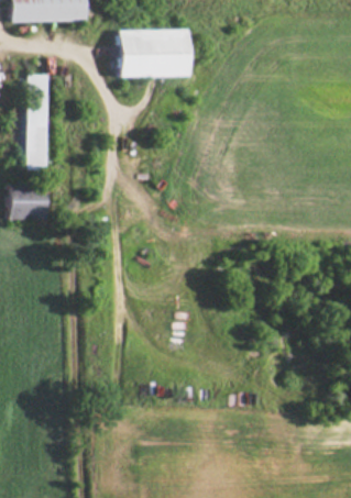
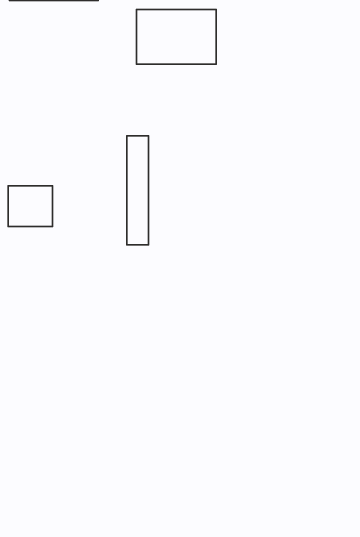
building: [29,74,47,168] -> [127,136,148,245]

